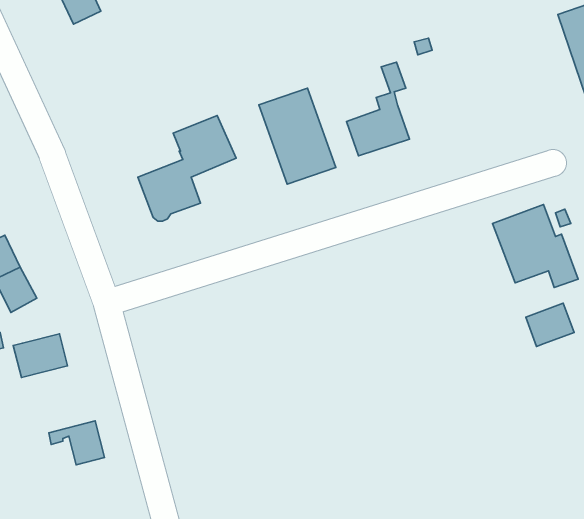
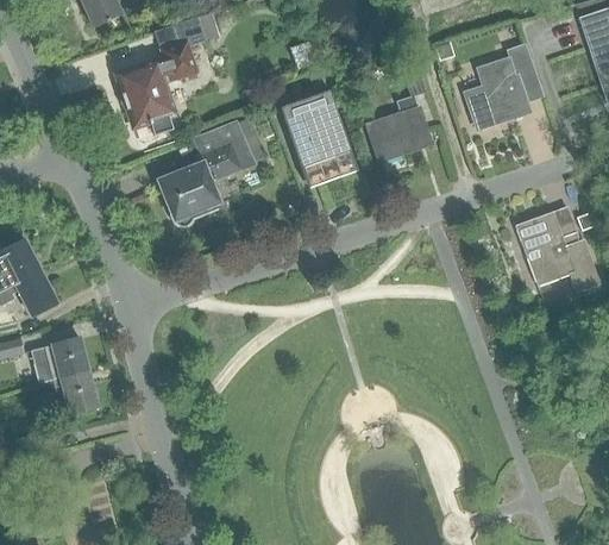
building: none -> [118,12,219,134]
building: none -> [464,42,542,127]
building: [526,303,574,346] -> none
building: [49,421,104,465] -> [42,370,98,414]

